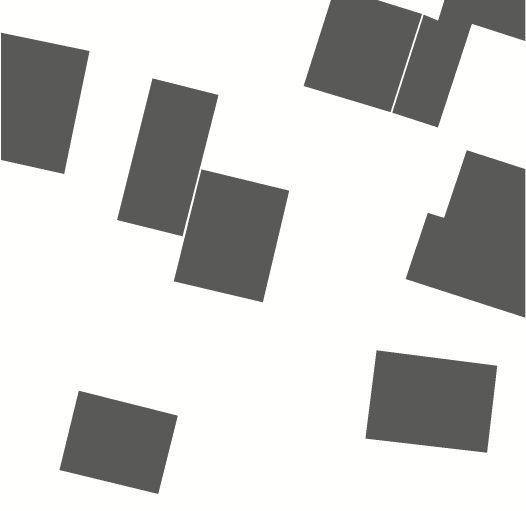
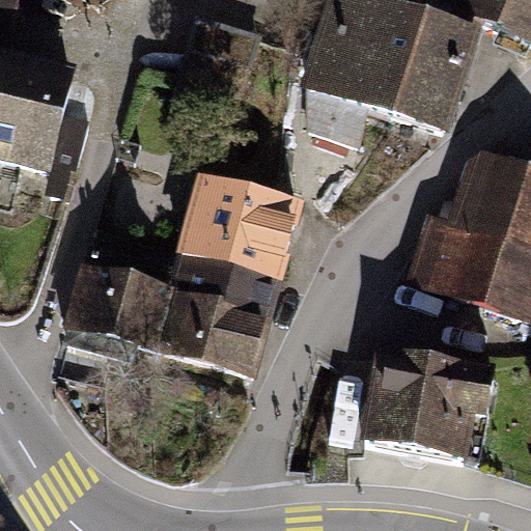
building: [116,77,220,237] -> none
building: none -> [62,259,266,381]
building: [59,390,179,495] -> none

